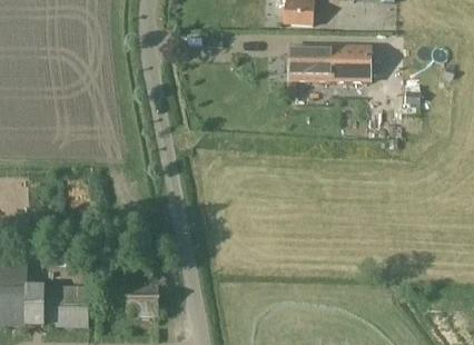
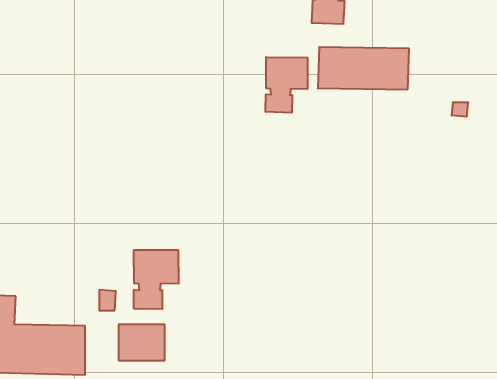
building: none -> [266,57,307,113]
building: none -> [134,250,179,309]

